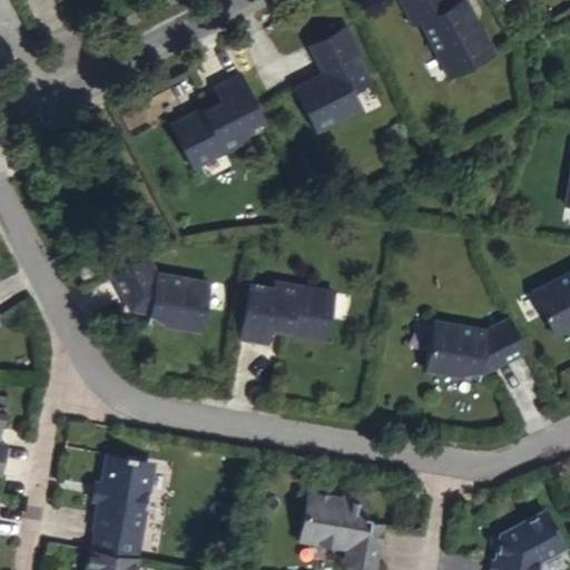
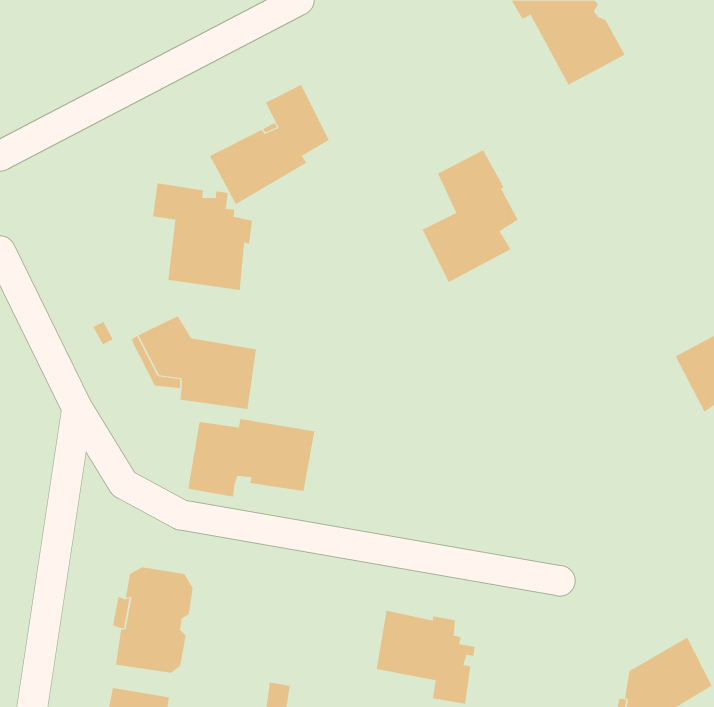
building: [296,23,373,129] -> [422,150,519,283]
building: none -> [152,182,253,291]
building: [240,284,342,346] -> [188,419,315,497]
building: [428,316,531,375] -> none

